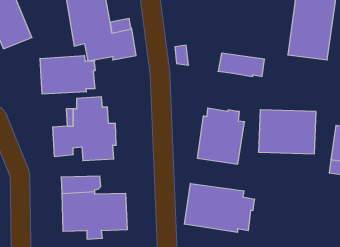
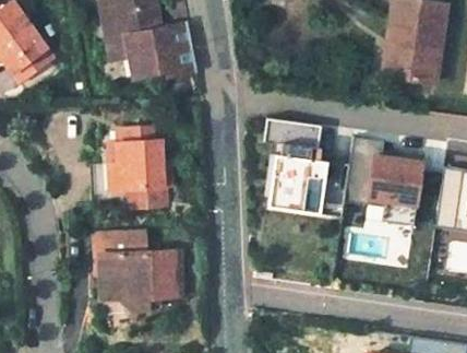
building: [218,53,265,76] -> [264,119,323,149]
building: [40,55,95,94] -> none
building: [184,183,255,232] -> none

